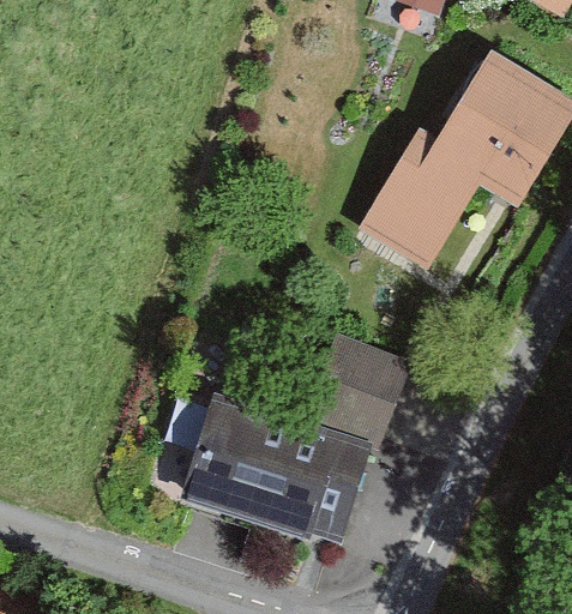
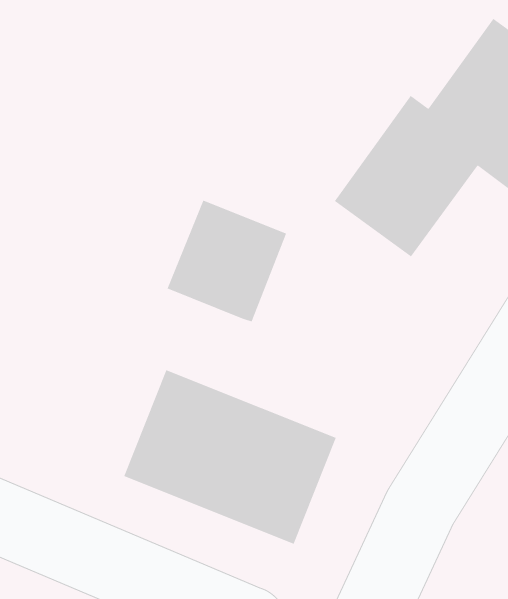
building: [301,337,408,446] -> [167,200,287,322]

